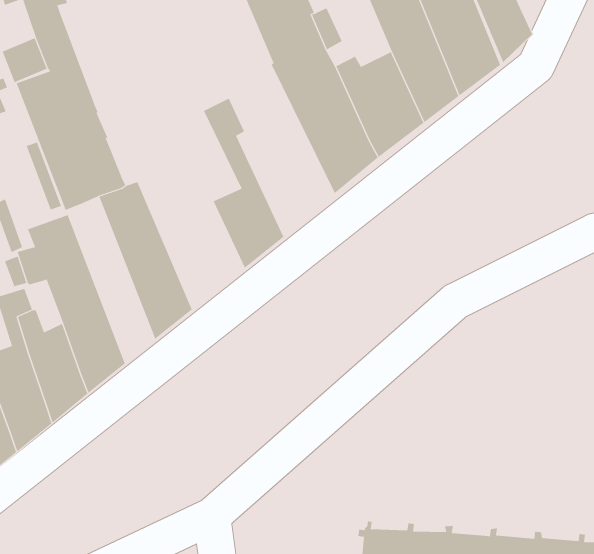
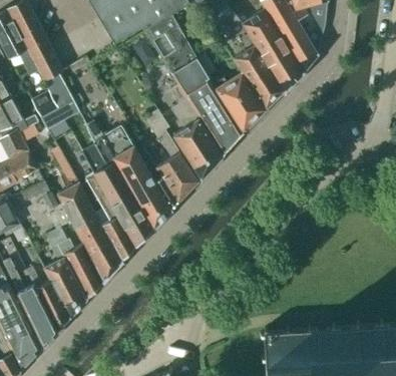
building: none -> [168,86,222,177]
building: none -> [86,121,177,228]
building: none -> [86,173,135,261]

